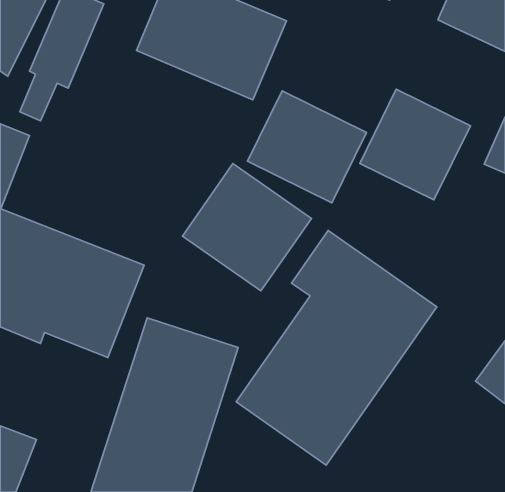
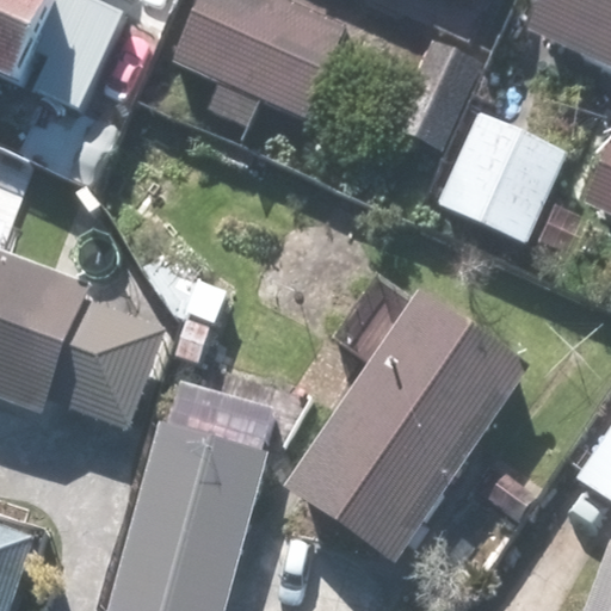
building: [247,91,366,203] -> none
building: [182,164,311,291] -> none

